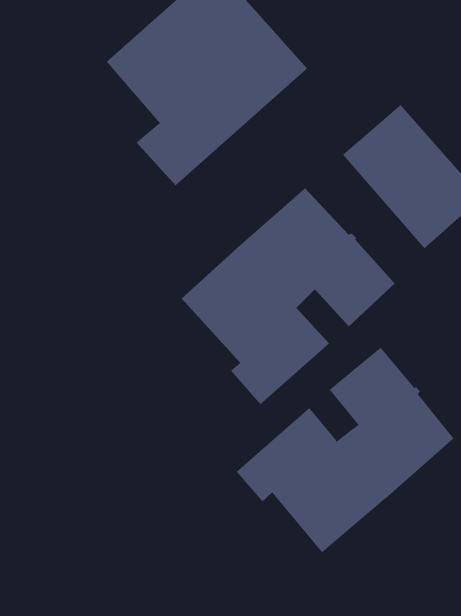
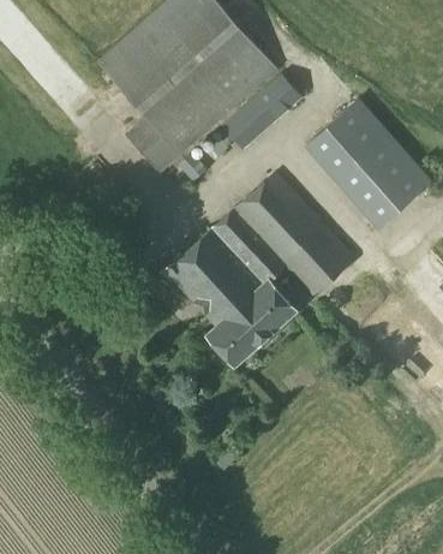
building: none -> [222,73,304,151]
building: [236,347,454,553] -> none

